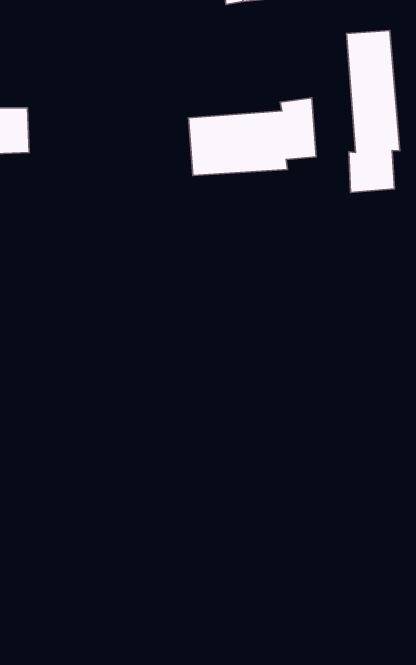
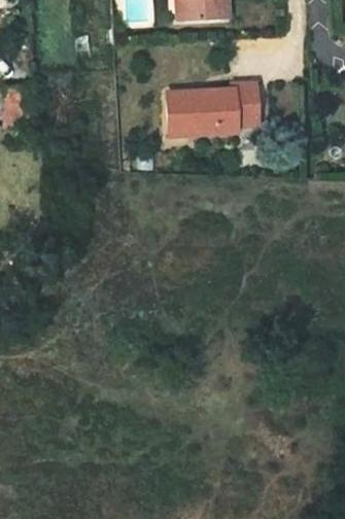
building: [347,30,400,192] -> none

